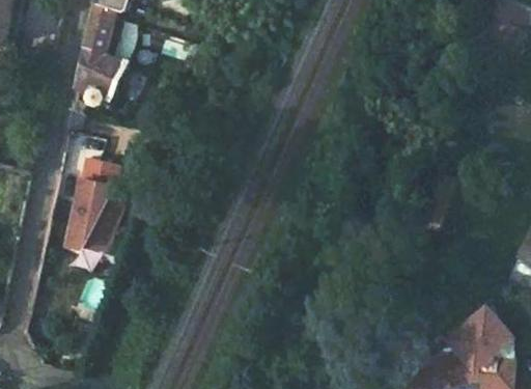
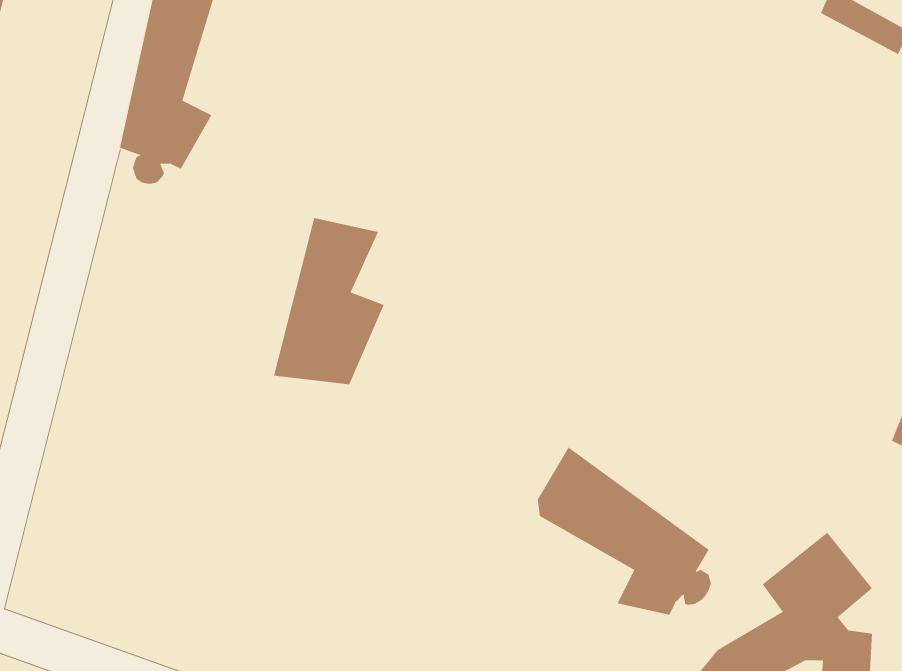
building: [60,157,123,252] -> [273,217,384,385]
building: none -> [537,447,711,615]

